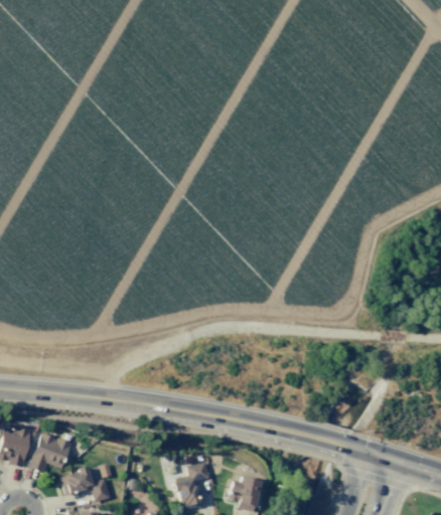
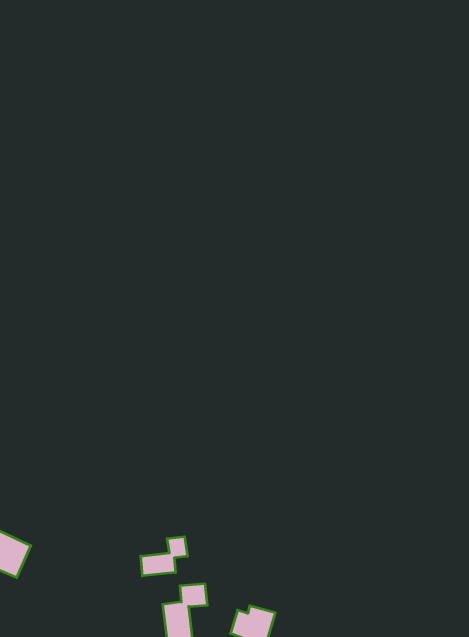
building: none -> [141,537,187,576]
building: [61,468,111,502] -> none

